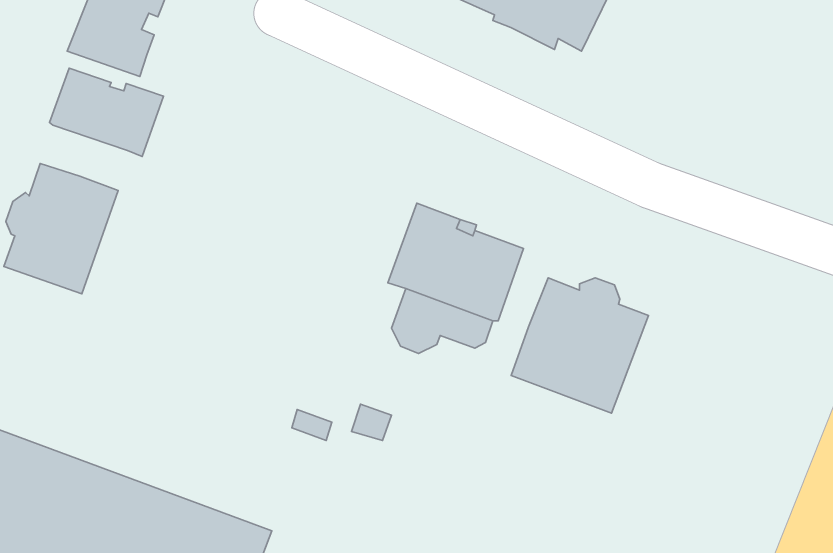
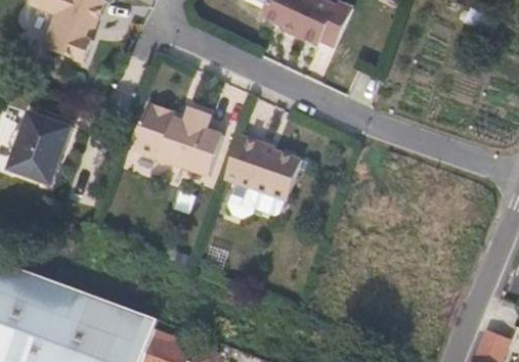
building: [49,68,163,157] -> none
building: none -> [130,104,222,176]
building: [511,278,648,413] -> none

